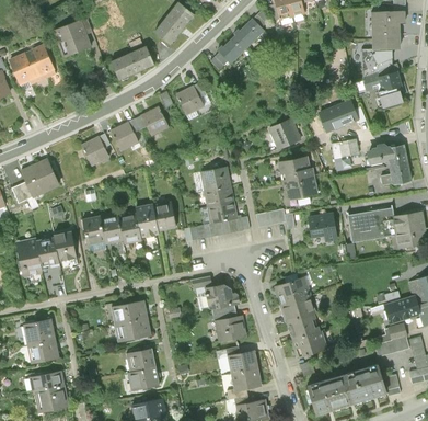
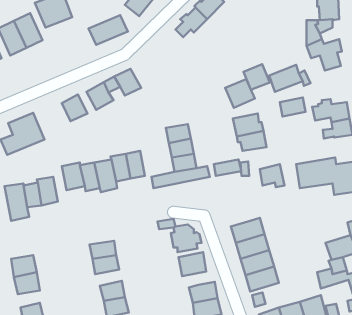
building: [174,81,207,116] -> none
building: none -> [244,64,270,90]

